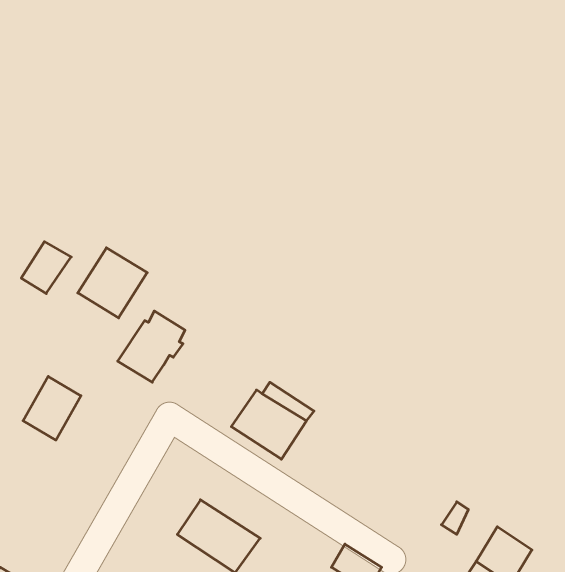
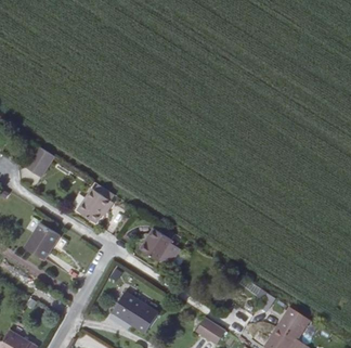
building: [78,248,147,318] -> none

